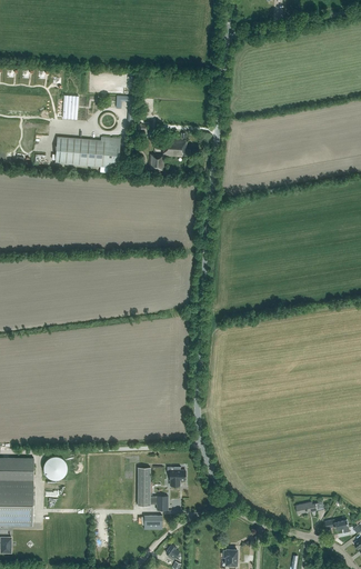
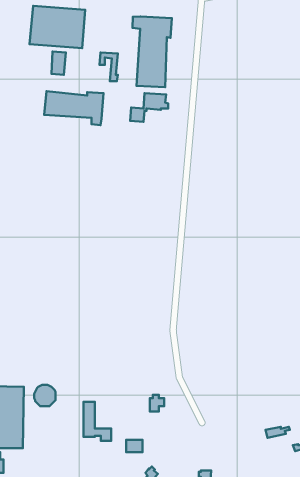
building: none -> [30,6,85,48]
building: none -> [133,17,172,87]
building: [137,467,167,509] -> [84,402,111,441]

